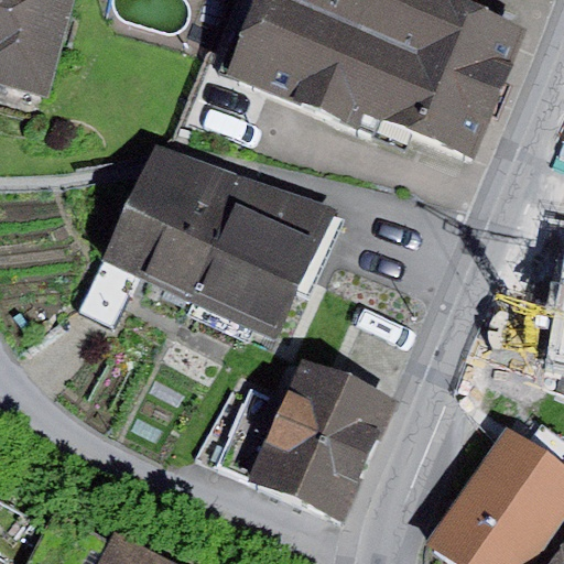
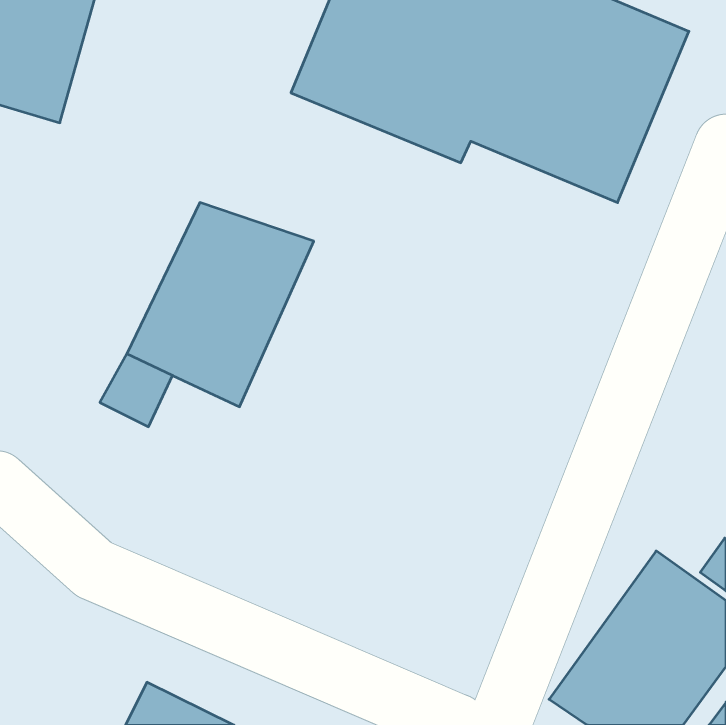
building: [185,186,340,358] -> none
building: [217,354,395,516] -> none

